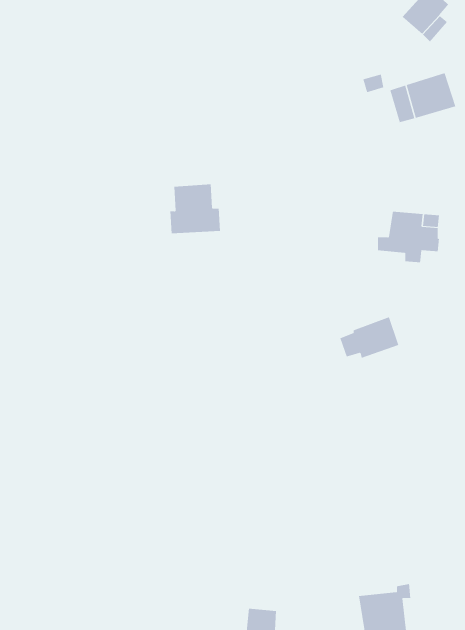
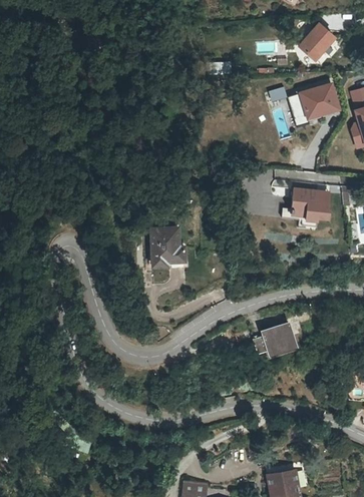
building: [169,184,221,234] -> [147,227,186,265]
building: [339,317,399,359] -> [251,325,295,356]

